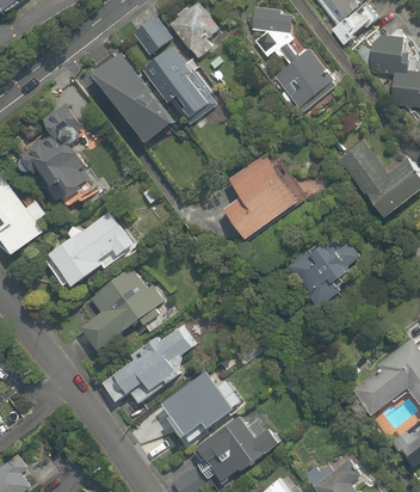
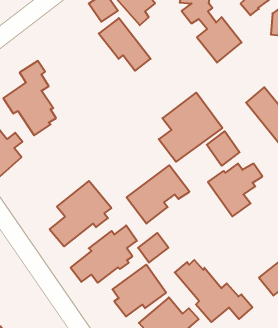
building: [92,56,172,146] -> none
building: none -> [207,131,240,166]
building: [49,210,131,287] -> [127,165,189,224]
building: none -> [138,233,168,263]
building: none -> [175,260,252,322]

